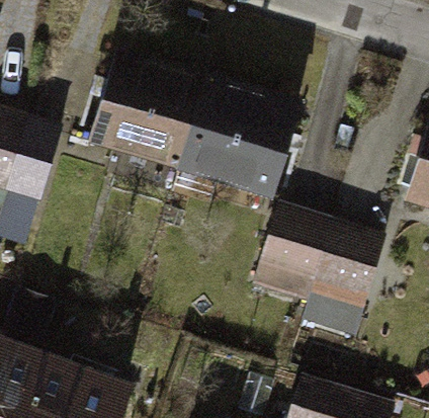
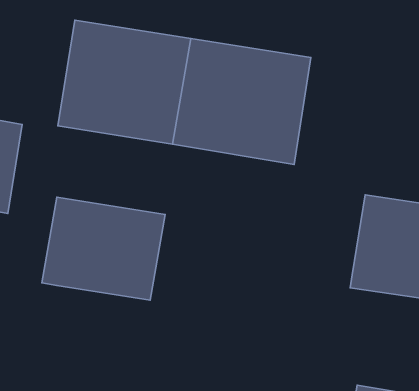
building: none -> [42,197,165,300]
building: [254,210,329,292] -> none

